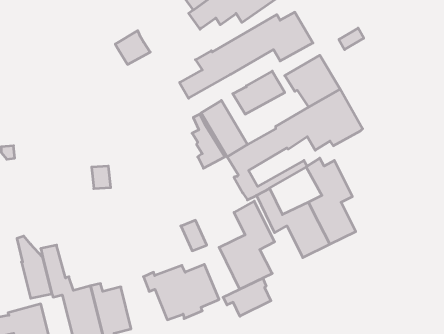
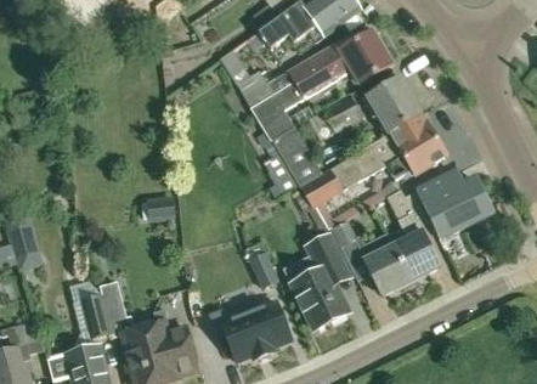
building: [115,31,150,64] -> [236,68,273,105]
building: none -> [416,171,491,237]
building: [223,278,271,316] -> none

